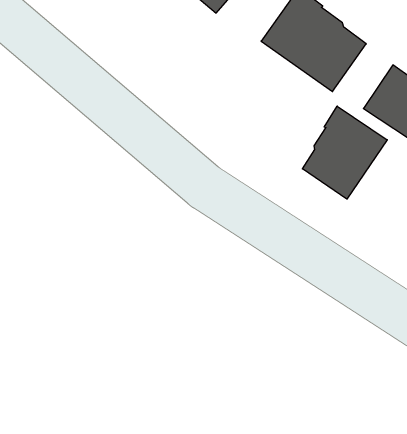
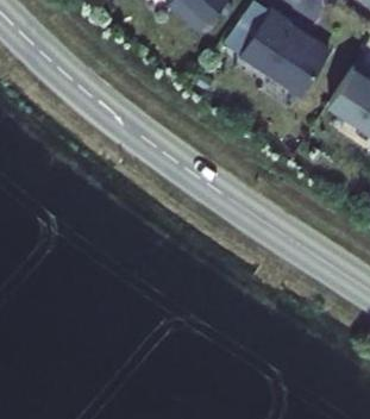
building: [302,106,387,199] -> none

